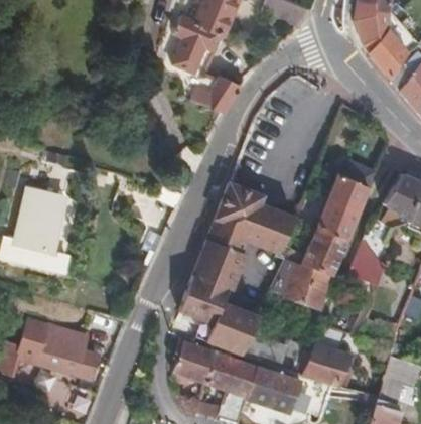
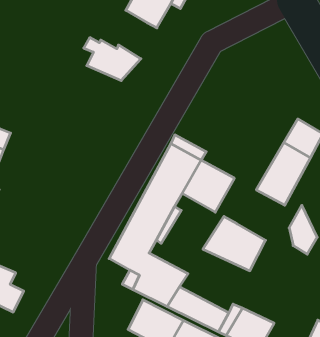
building: [184,74,243,113] -> [84,38,141,81]
building: [302,228,347,277] -> none
building: [174,338,217,382] -> none

